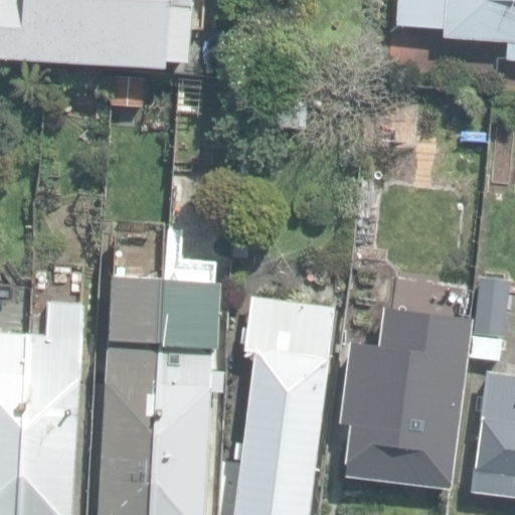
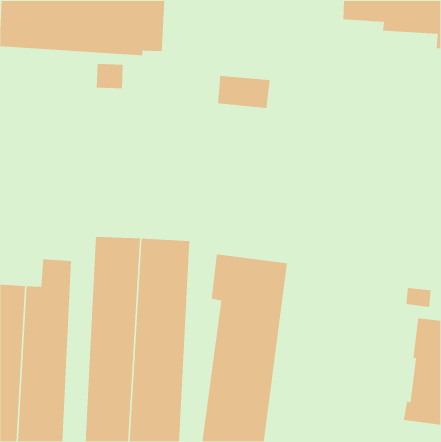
building: [336,322,470,500] -> none

